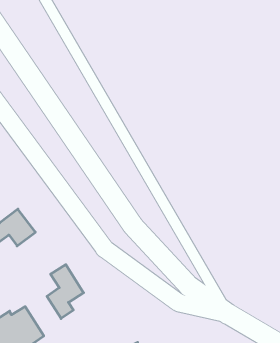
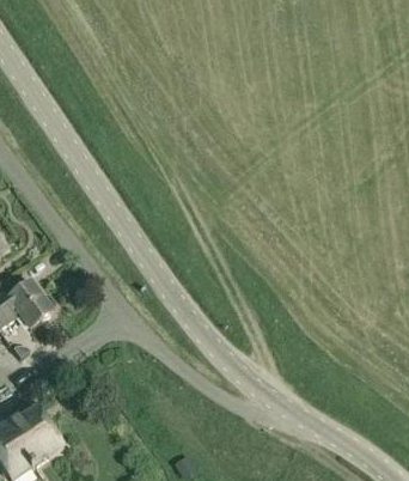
building: [47,265,84,319] -> none

